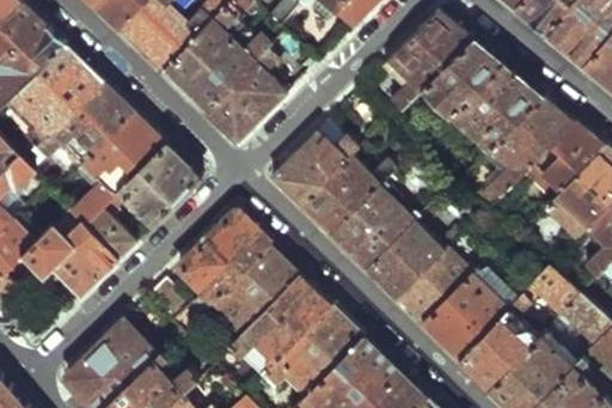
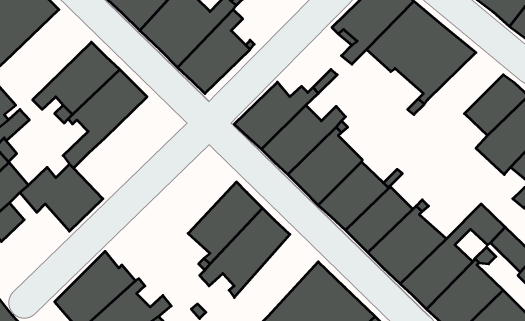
building: [8,47,106,150] -> none
building: [477,96,575,211] -> none
building: [122,146,204,227] -> none
building: [86,209,137,262] -> none
building: [148,211,271,336] -> none
building: [265,303,365,396] -> none

